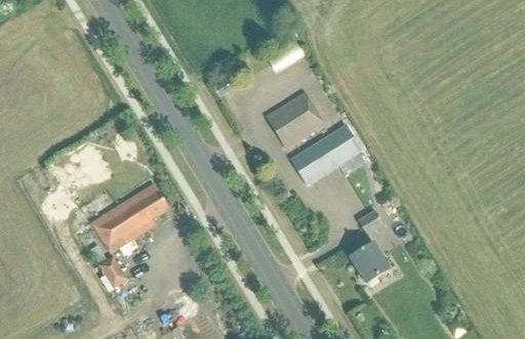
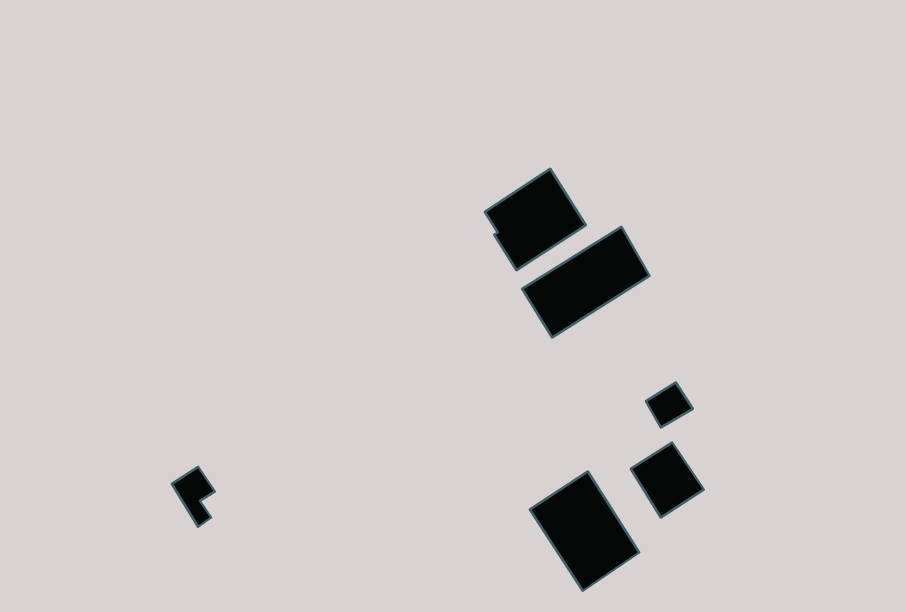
building: [92,184,168,252] -> none
building: none -> [530,471,639,591]

